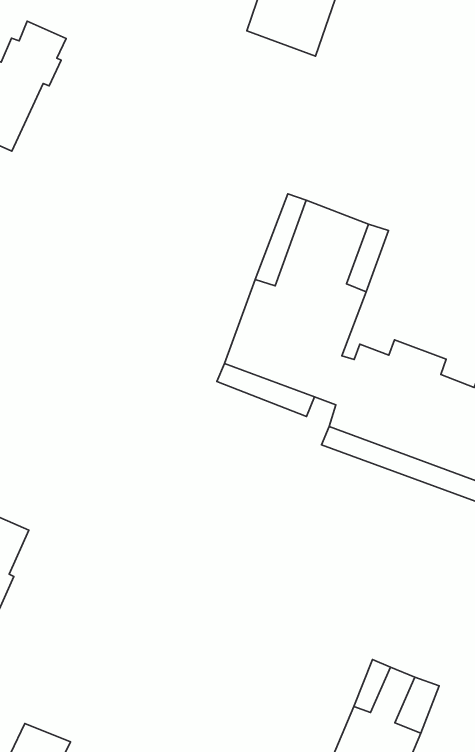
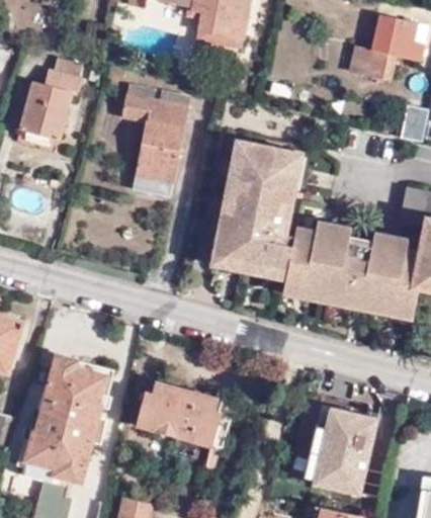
building: none -> [120,93,188,183]
building: none -> [137,381,220,446]

